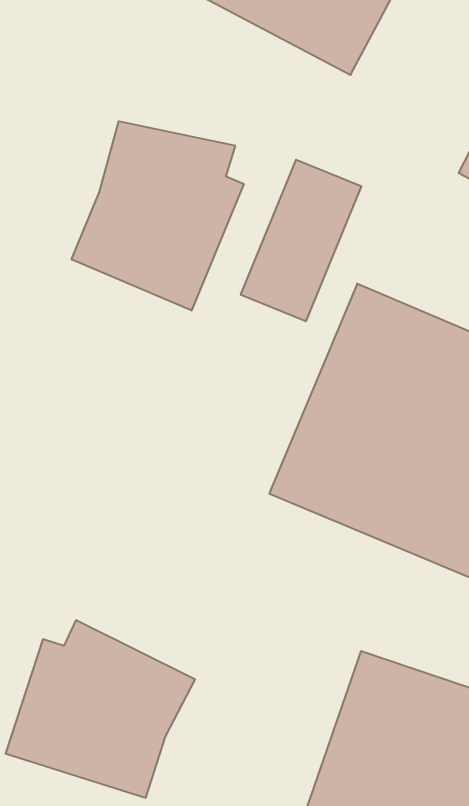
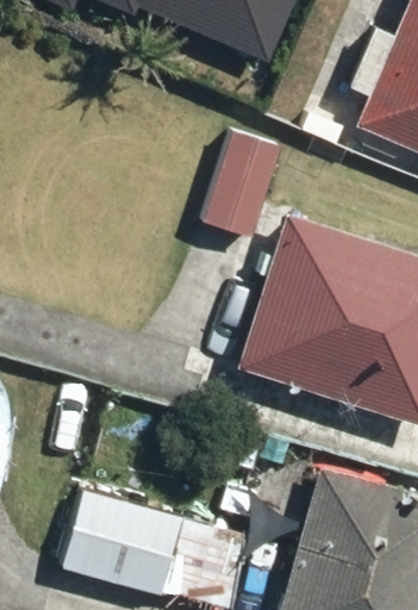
building: [72,121,244,311] -> none

